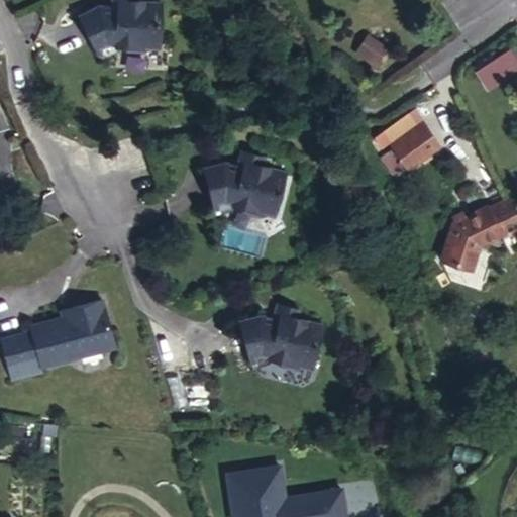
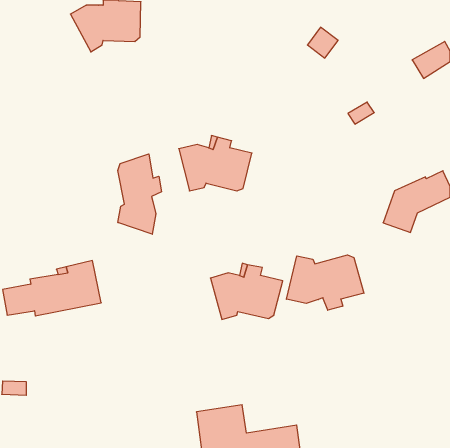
building: [386,131,437,166] -> none
building: none -> [118,154,162,234]
building: none -> [286,255,364,310]

